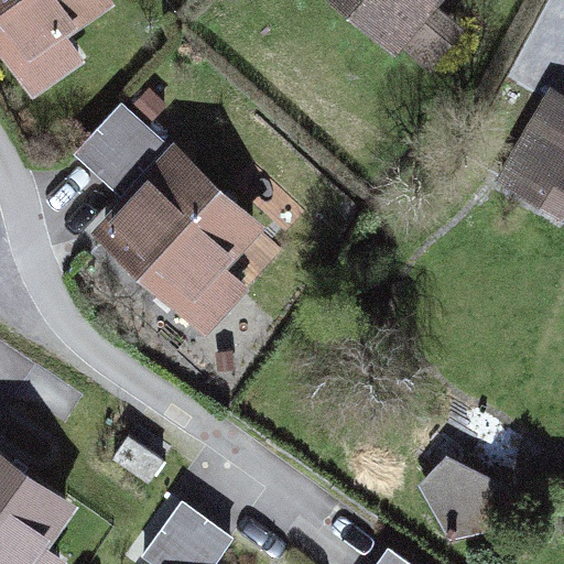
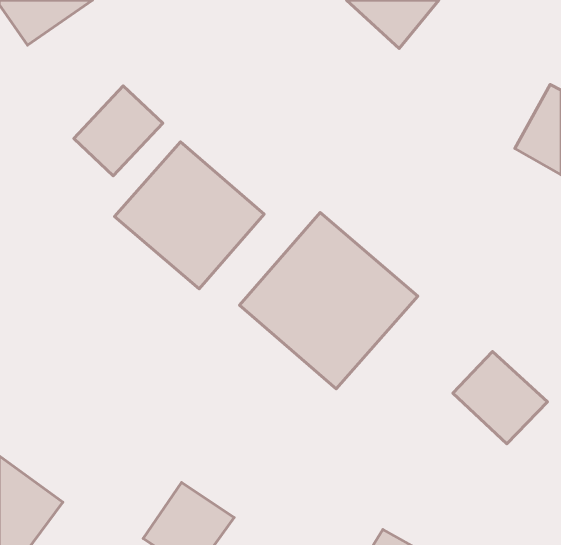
building: none -> [240,212,418,389]
building: [413,449,508,542] -> [453,351,548,444]

